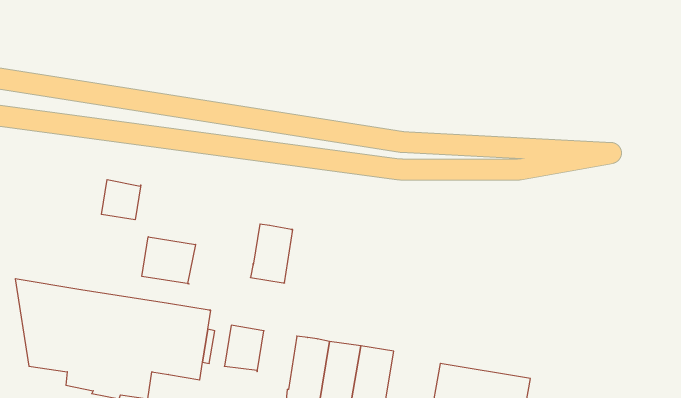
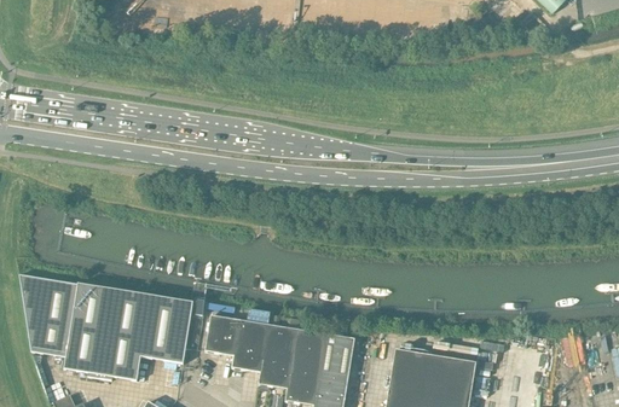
building: [101,180,141,220] -> none
building: [250,224,293,283] -> [232,320,270,372]
building: [142,237,196,284] -> none

